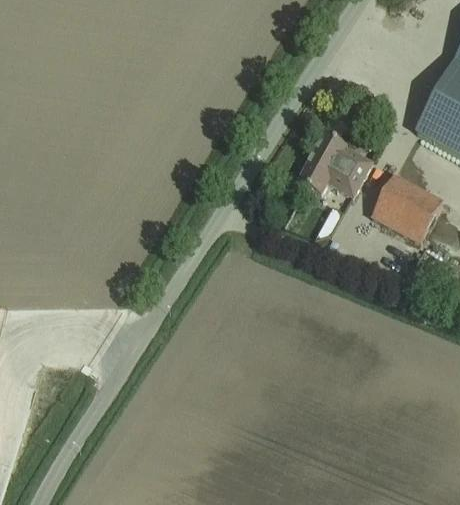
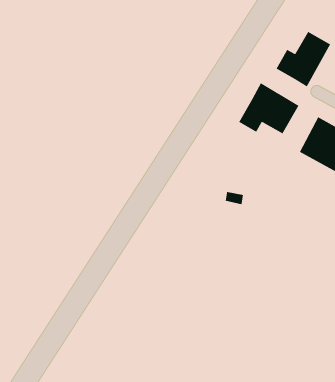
building: none -> [276,31,331,87]

